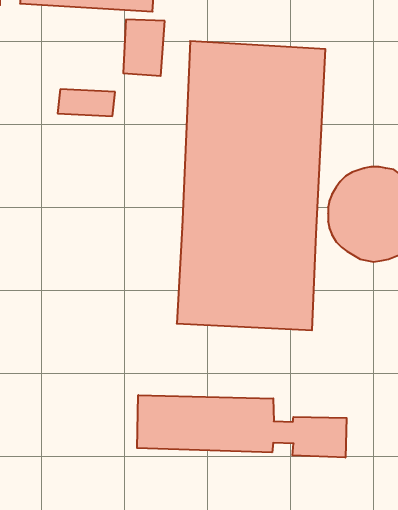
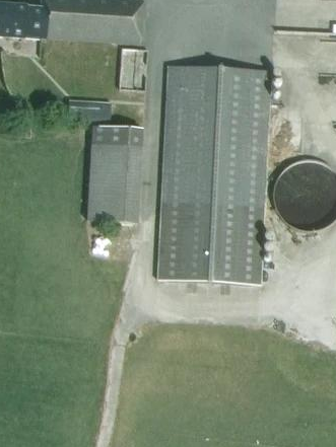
building: none -> [87,122,142,219]
building: [137,395,347,458] -> none

